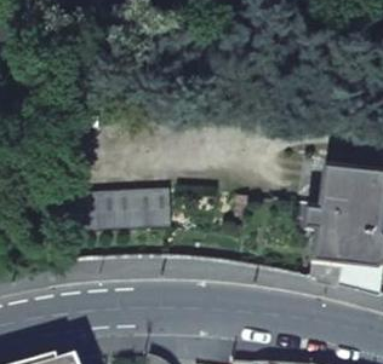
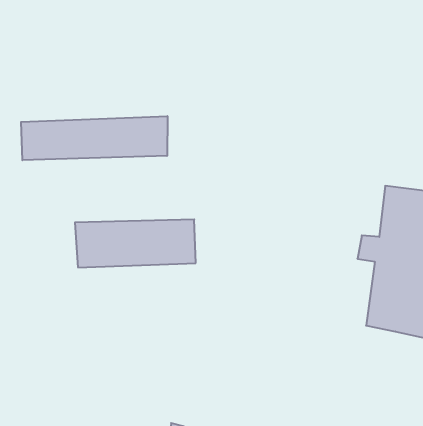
building: none -> [21,116,167,160]

